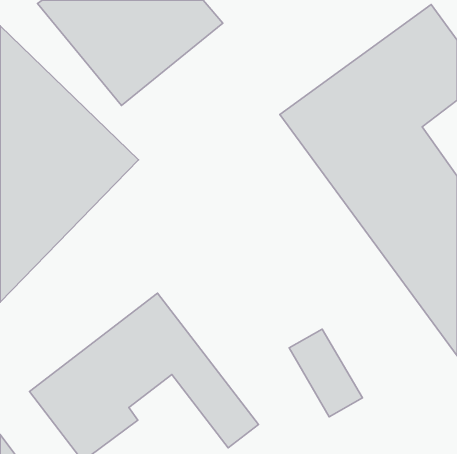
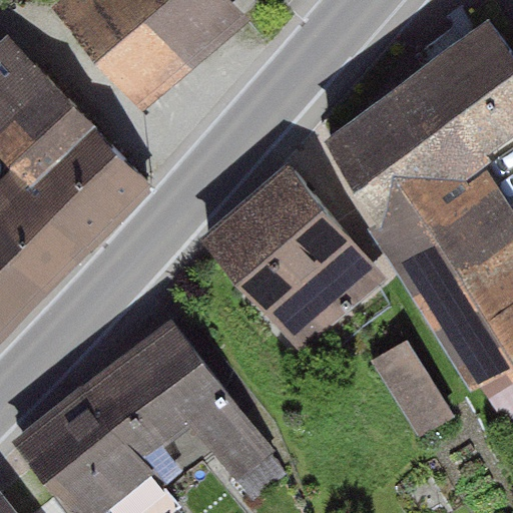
building: none -> [196,162,387,358]
building: [289,329,362,417] -> [379,332,461,430]

